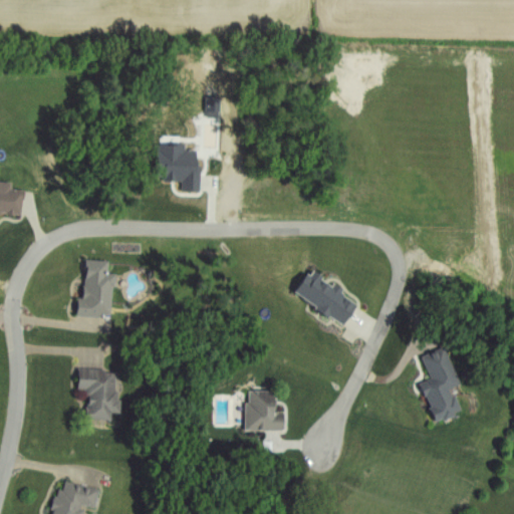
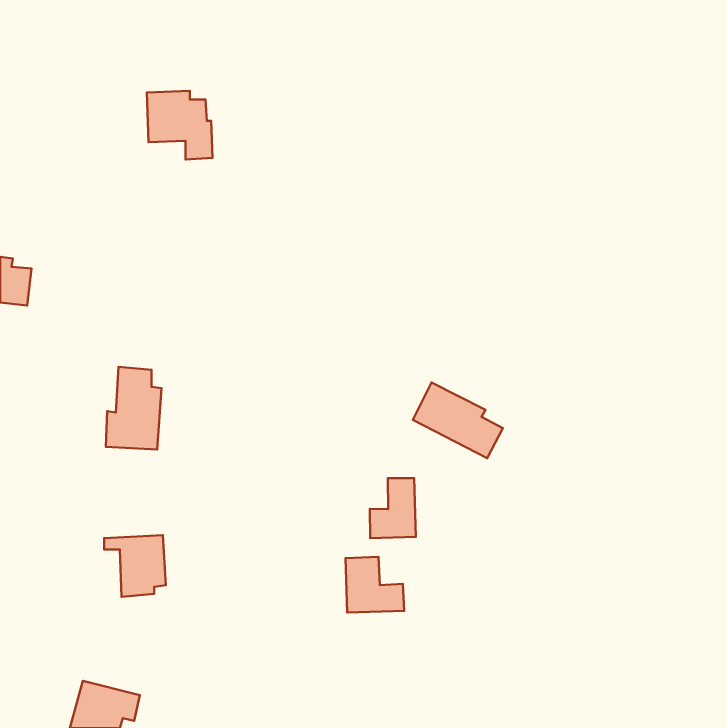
building: [155,143,201,191] -> [147,91,213,159]
building: none -> [370,478,416,538]
building: [417,348,460,422] -> none

